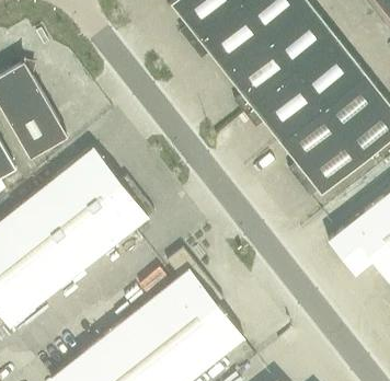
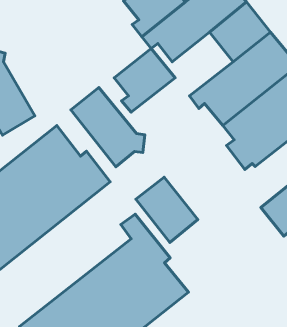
building: [226,41,296,114] -> [114,48,175,112]
building: none -> [71,87,145,167]
building: none -> [136,177,198,243]

